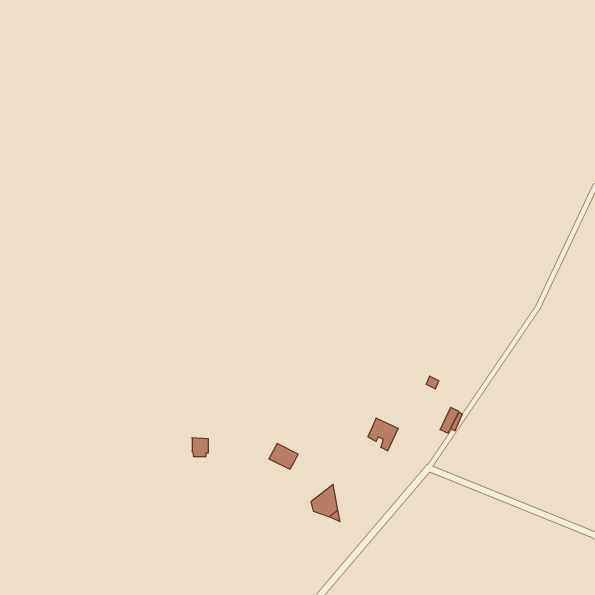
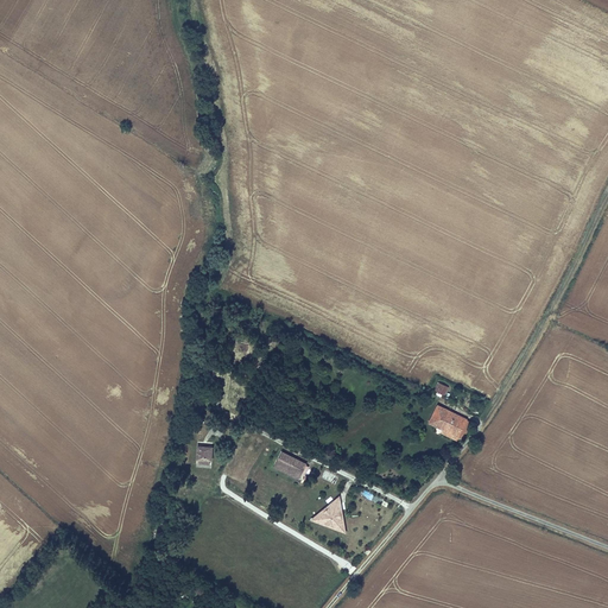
building: [368,418,398,451] -> [429,405,460,438]

